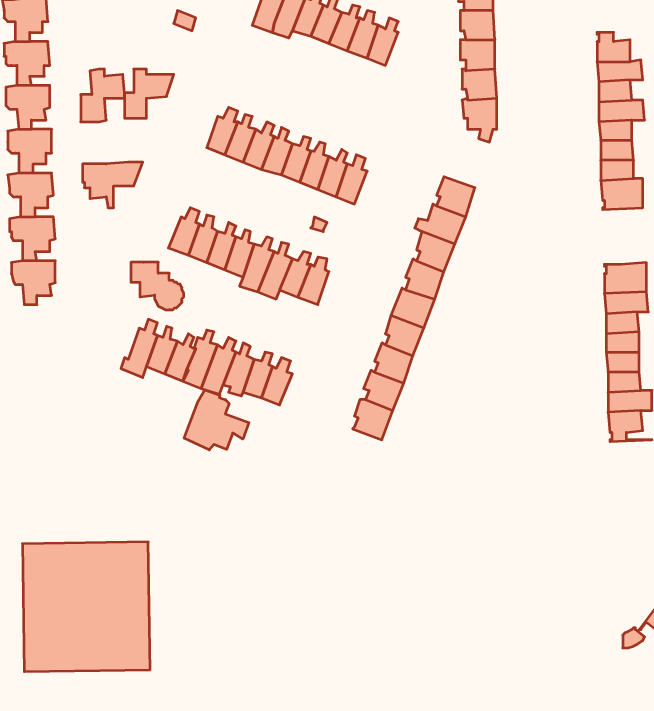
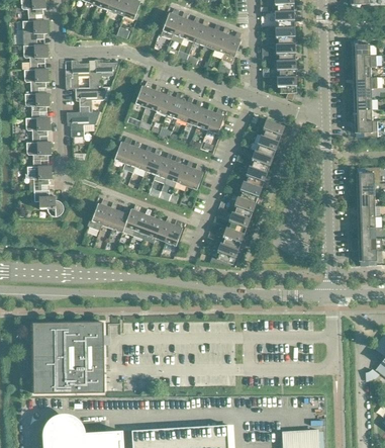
building: none -> [76,86,108,111]
building: [131,262,184,310] -> [34,189,64,215]
building: [184,390,249,450] -> none

